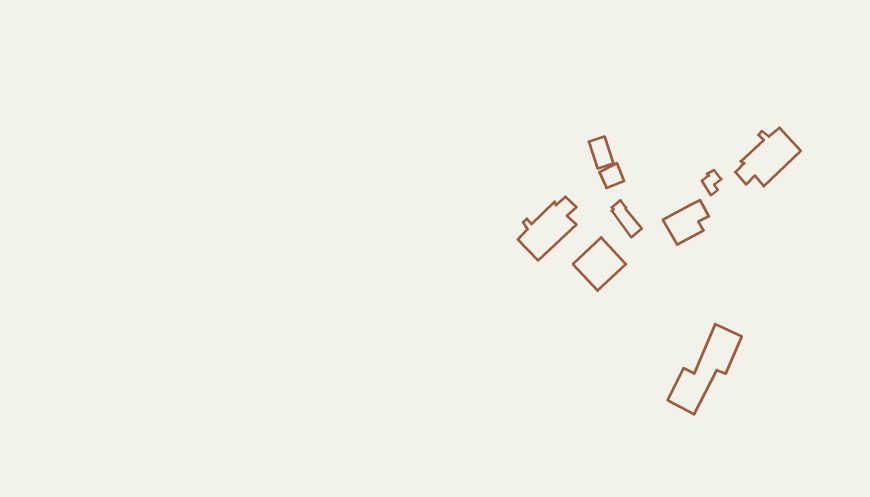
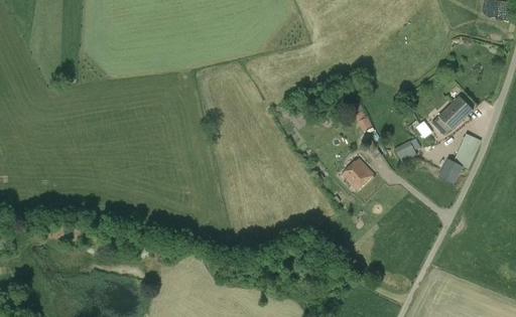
building: [518,197,576,260] -> none
building: [668,324,742,414] -> [438,132,481,183]

